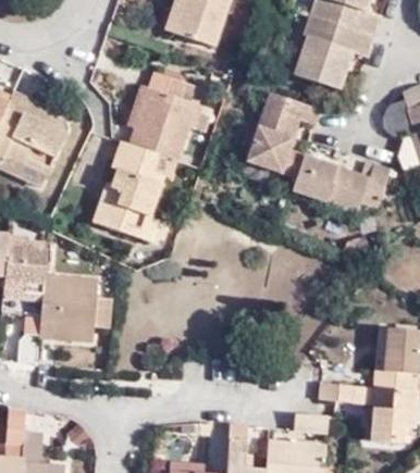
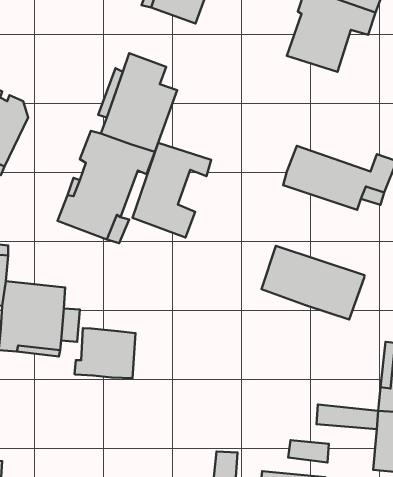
building: [247,94,317,177] -> [132,143,211,238]
building: none -> [262,246,365,319]
building: none -> [74,328,136,378]

